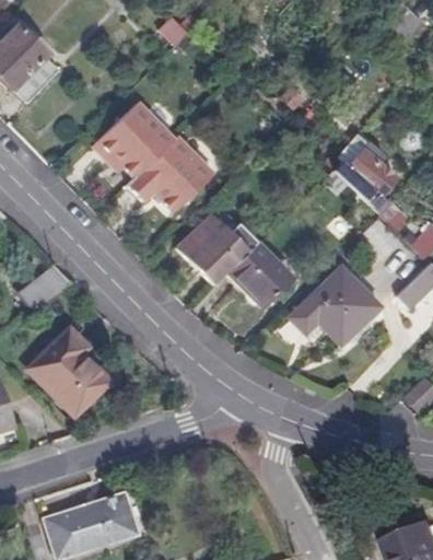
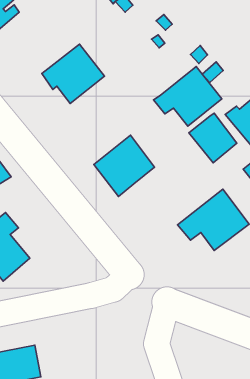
building: [128,137,214,213] -> [154,67,222,126]
building: [227,243,290,306] -> [189,113,237,163]

